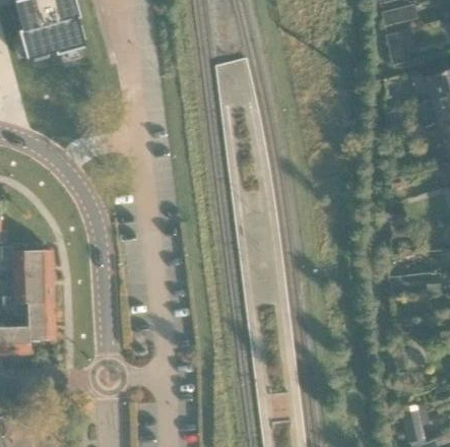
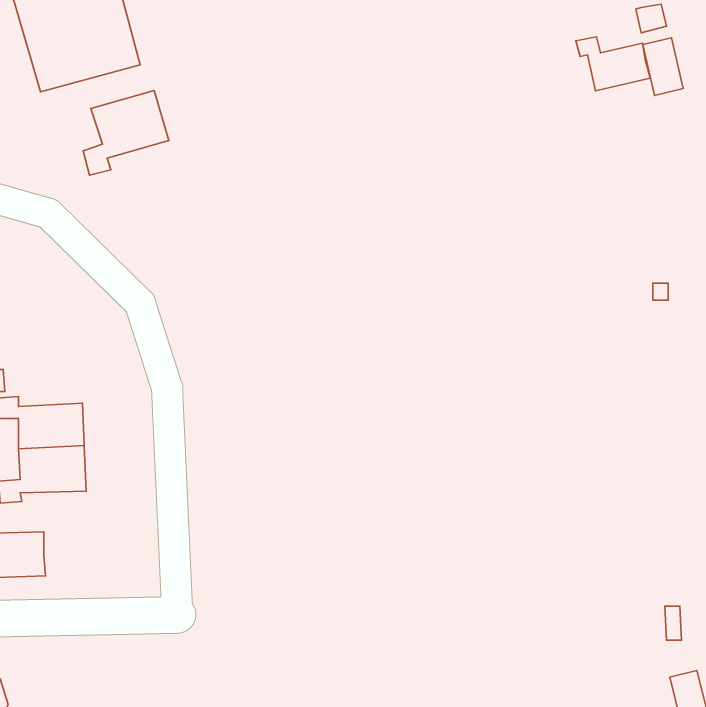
building: none -> [576,37,650,91]
building: none -> [83,90,169,175]
building: [15,302,56,340] -> none

